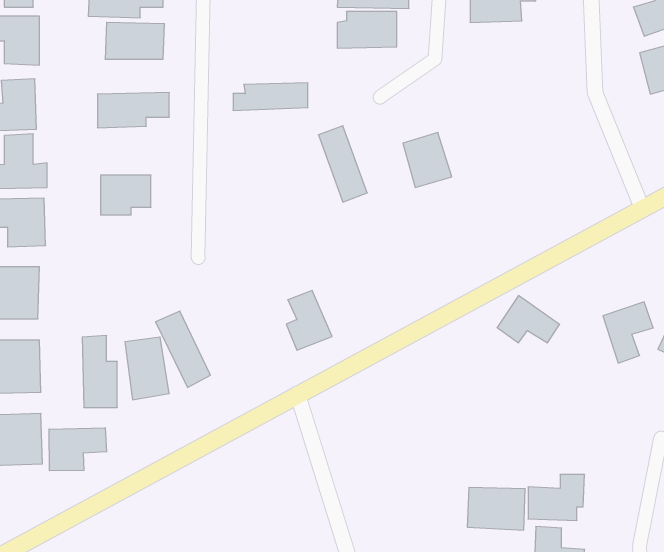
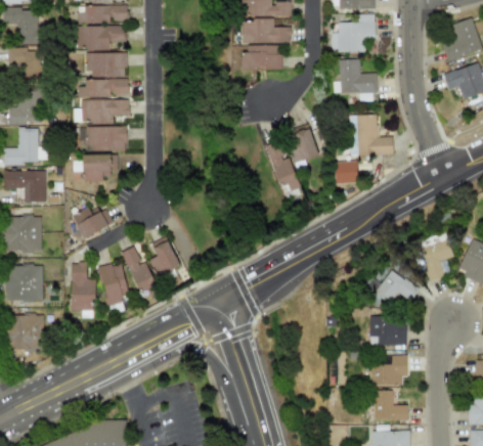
building: none -> [334,58,378,93]
building: [233,83,308,110] -> [78,79,128,97]
building: none -> [350,114,394,155]
building: [318,126,367,202] -> [266,139,299,190]
building: none -> [80,126,128,151]
building: none -> [336,161,359,184]
building: none -> [75,205,114,237]
building: [286,291,332,350] -> [150,236,181,276]
building: [497,296,560,343] -> [378,269,420,301]
building: [49,428,106,471] -> none
building: [467,487,525,530] -> [369,317,408,346]

